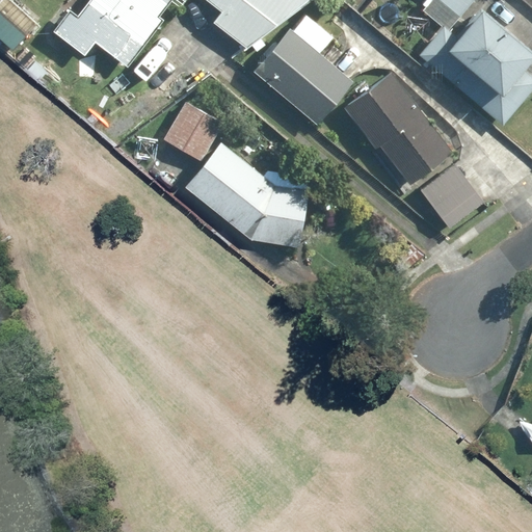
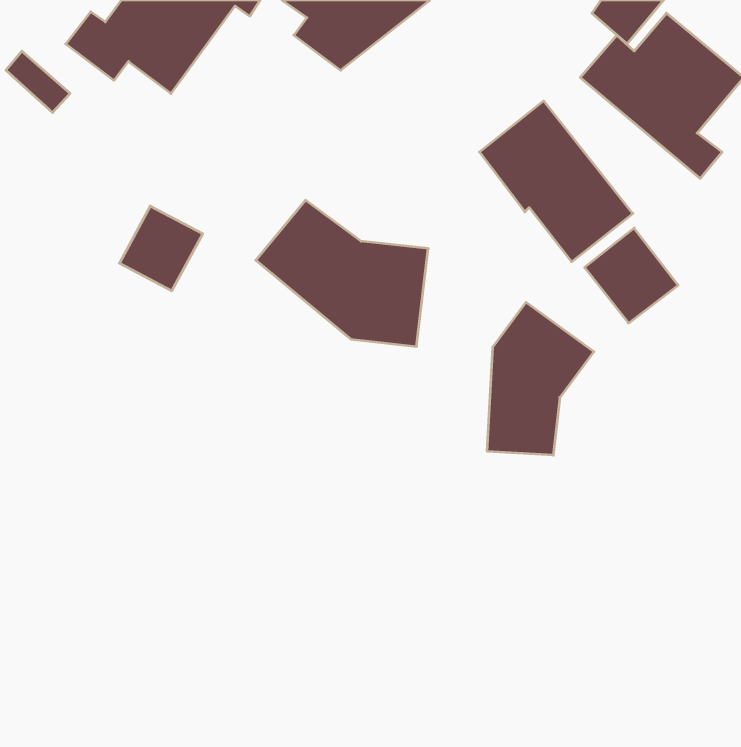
building: [254,17,353,125] -> none
building: [164,102,223,162] -> [119,206,203,291]
building: none -> [487,302,594,455]

